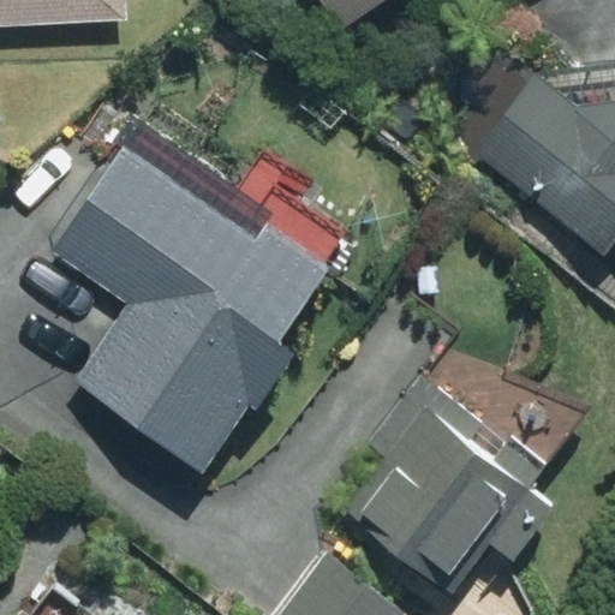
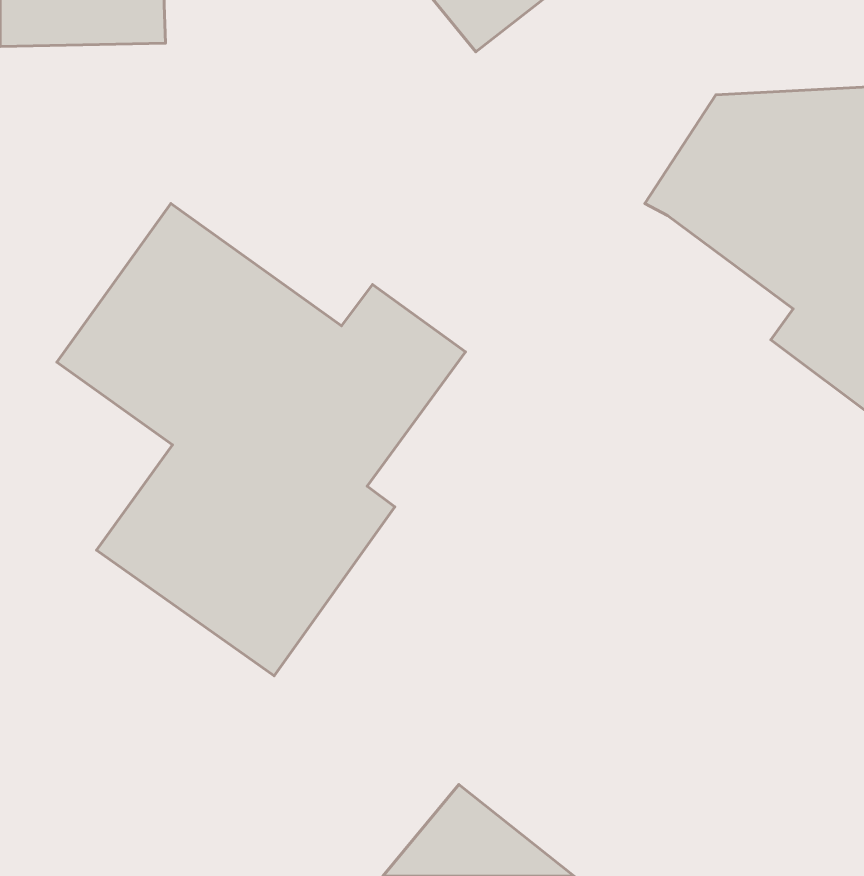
building: [341,372,554,581] -> none

